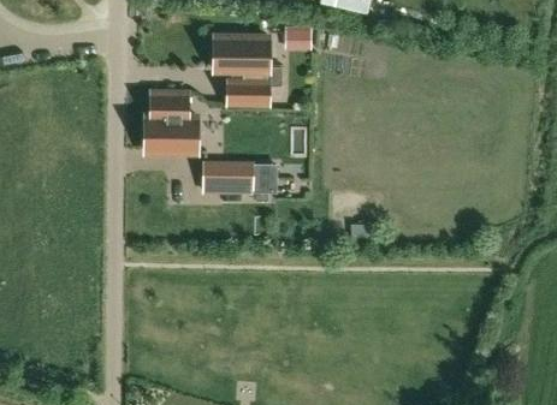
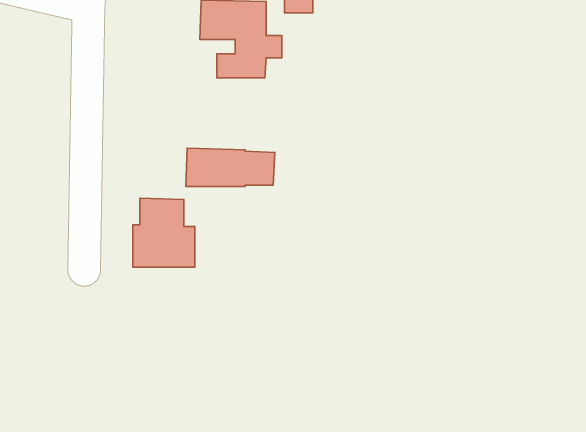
building: [144,91,197,150] -> [133,198,195,267]

